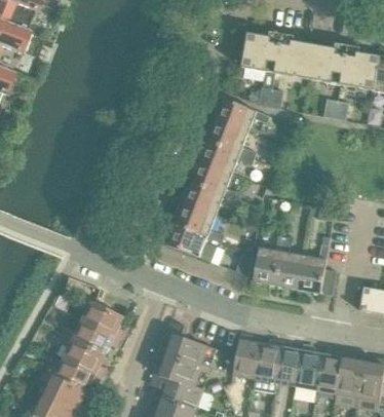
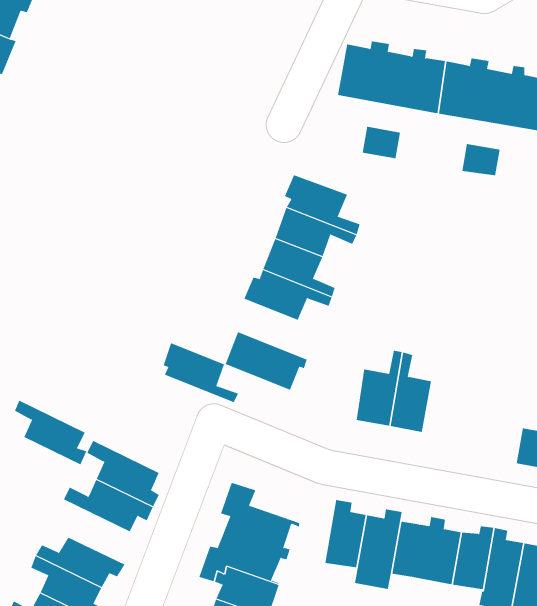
building: [213,99,269,132] -> none
building: [175,201,225,241] -> [163,342,239,403]
building: [298,244,337,296] -> none
building: [57,334,106,377] -> [14,400,87,465]

